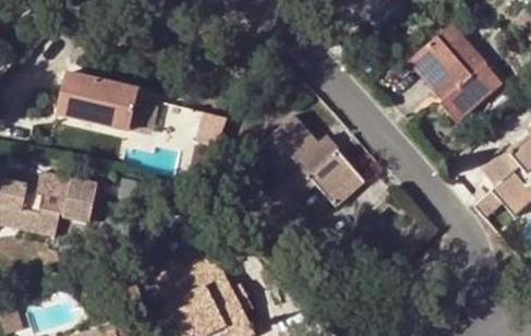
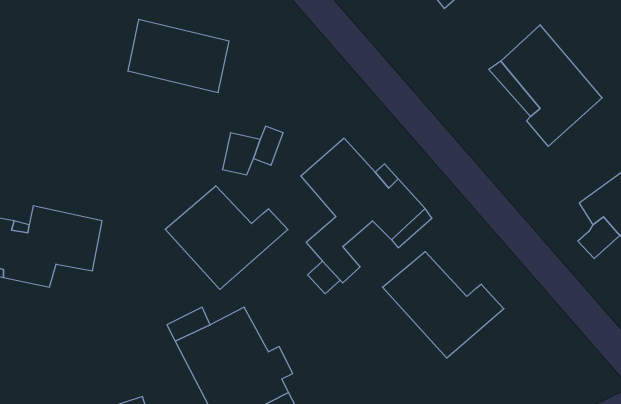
building: [59,72,141,131] -> [128,19,229,92]
building: none -> [165,186,288,289]
building: none -> [382,252,504,358]

